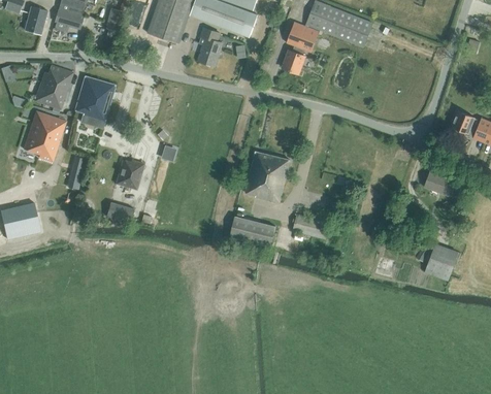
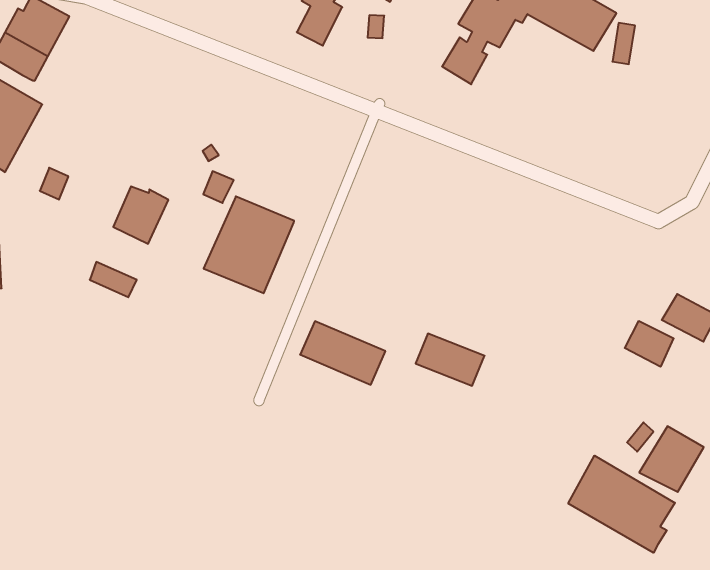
building: [74,75,114,128] -> none
building: [244,151,290,201] -> [204,196,294,293]
building: none -> [625,321,674,367]
building: none -> [568,456,675,553]

